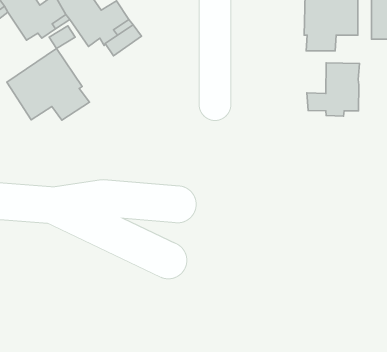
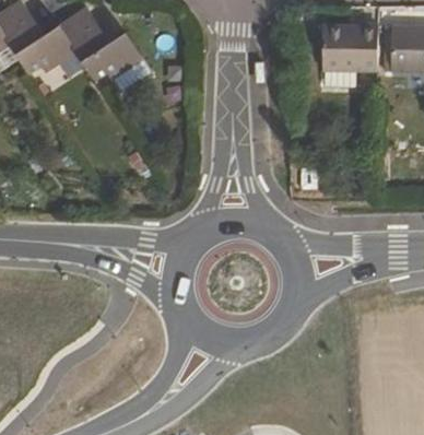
building: [7,49,90,120] -> none
building: [307,63,359,116] -> none

